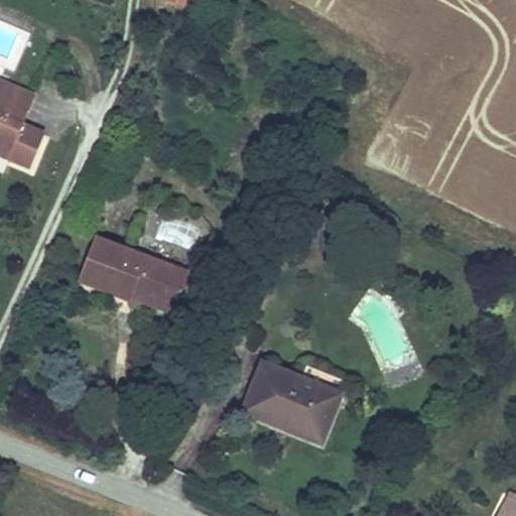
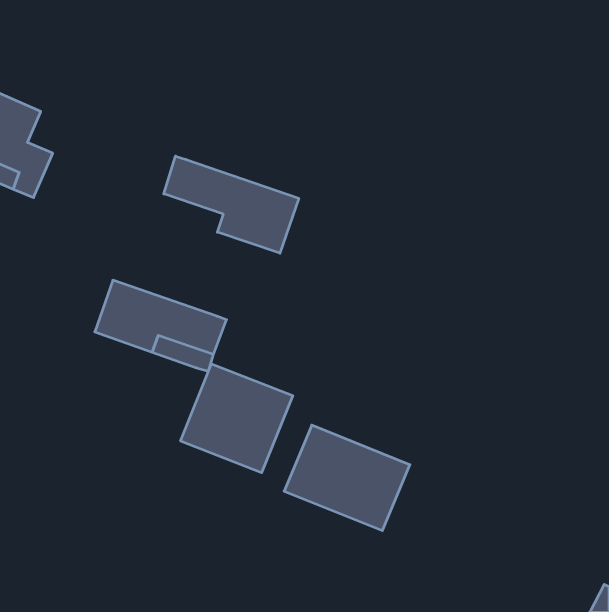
building: none -> [164,156,299,253]
building: none -> [181,364,293,473]

